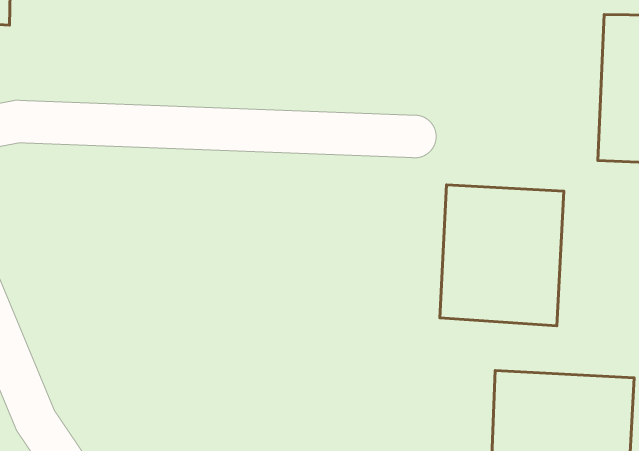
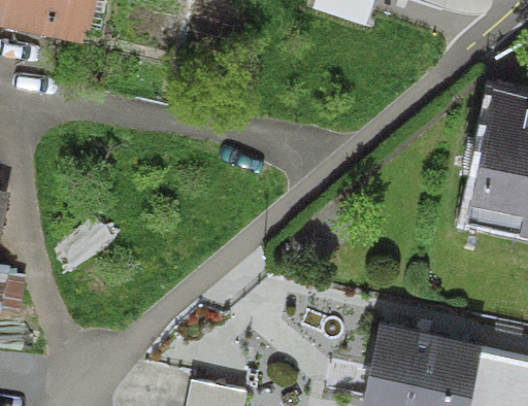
building: [440,185,564,326] -> none

